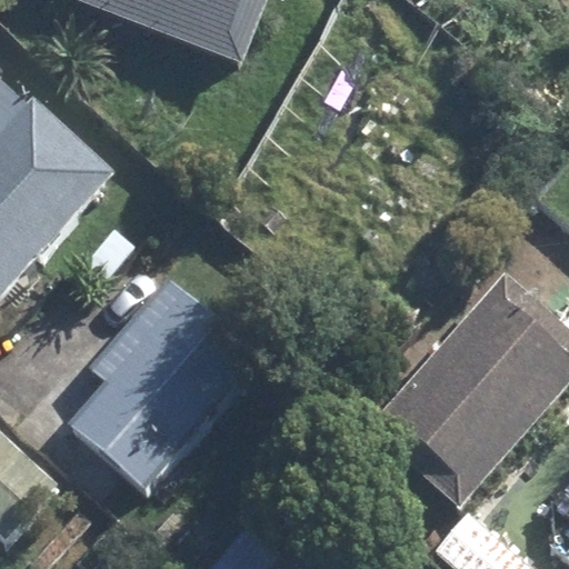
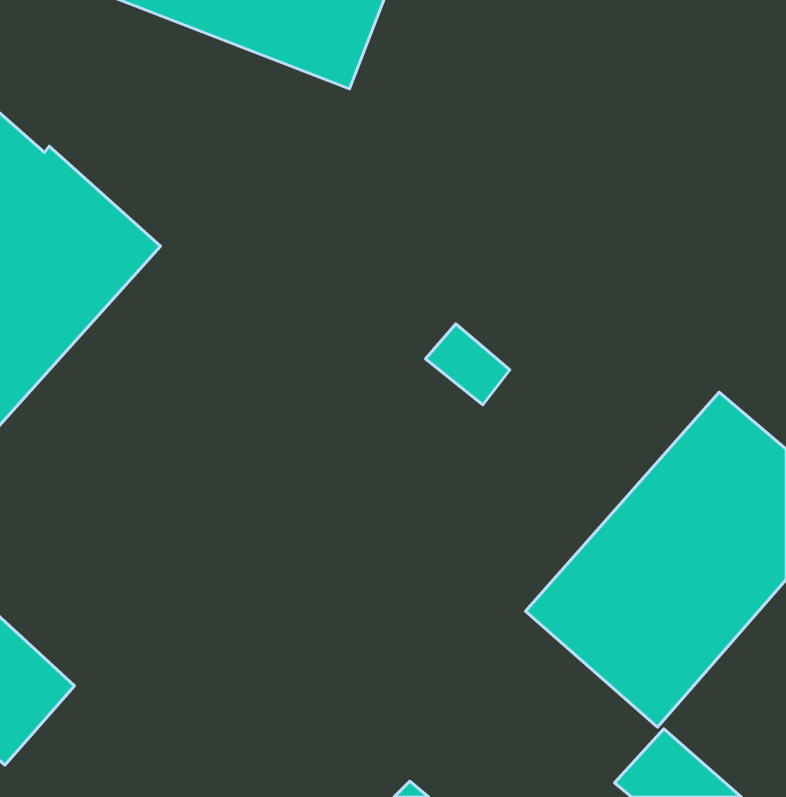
building: [67,276,257,486] -> none

